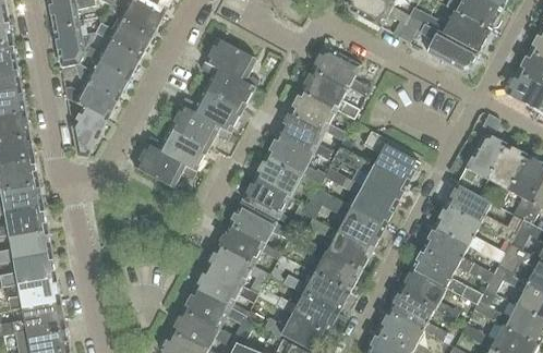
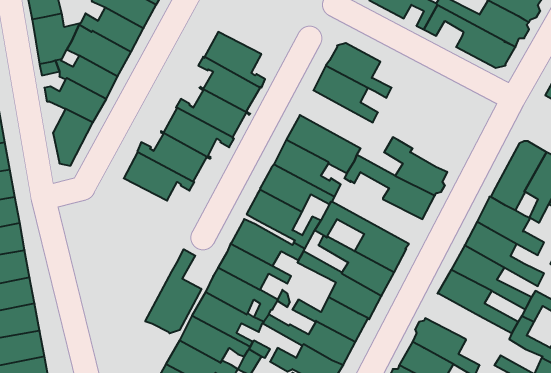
building: [289,90,347,142] -> none
building: [324,168,397,226] -> none
building: none -> [145,249,201,333]
building: [399,269,459,320] -> none

